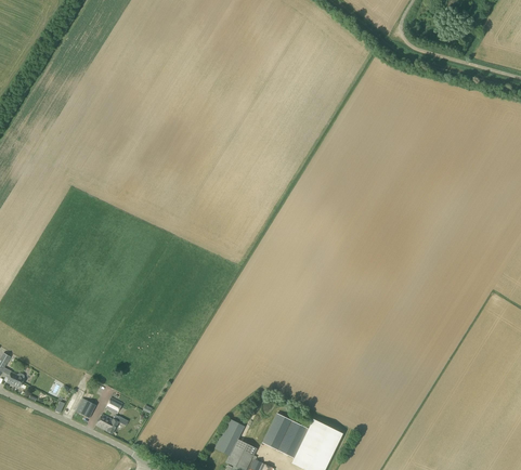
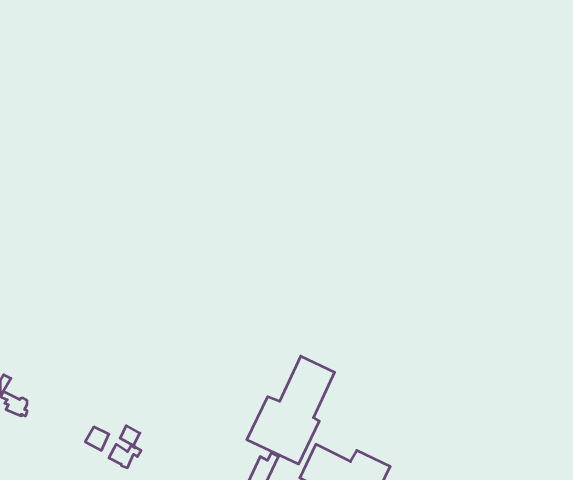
building: none -> [247,356,335,464]

